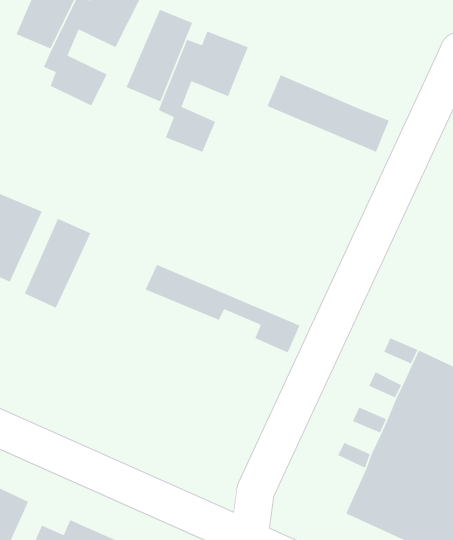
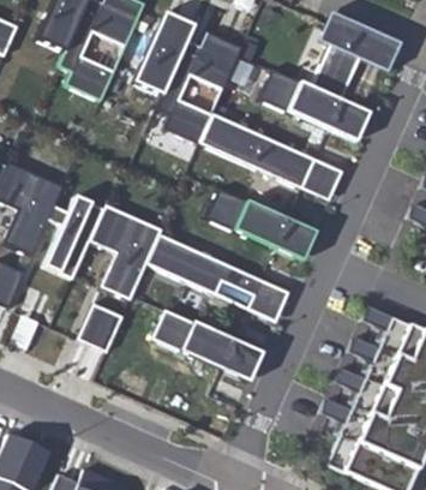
building: none -> [311,17,396,102]
building: none -> [203,114,344,202]
building: none -> [211,189,318,262]
building: none -> [91,209,160,299]
building: none -> [79,304,122,352]
building: none -> [152,307,263,380]

